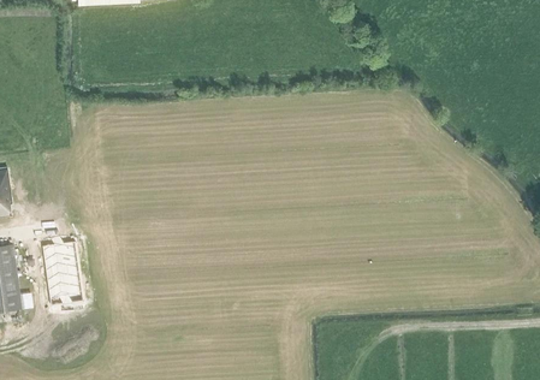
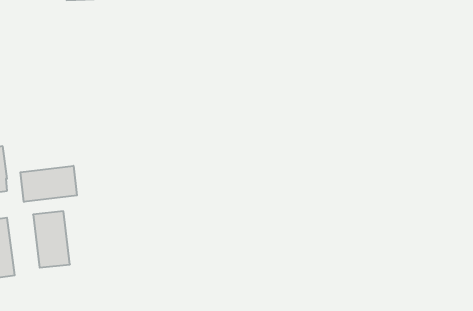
building: none -> [20,166,77,202]

